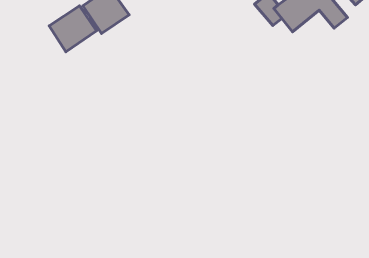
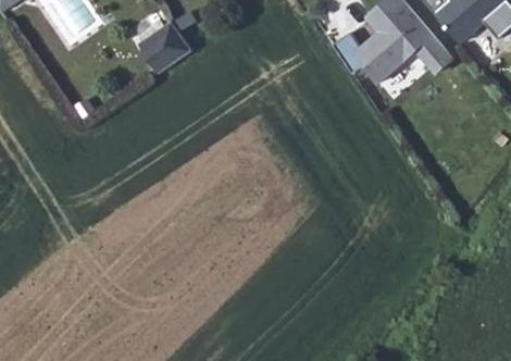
building: [49,6,96,52] -> none

